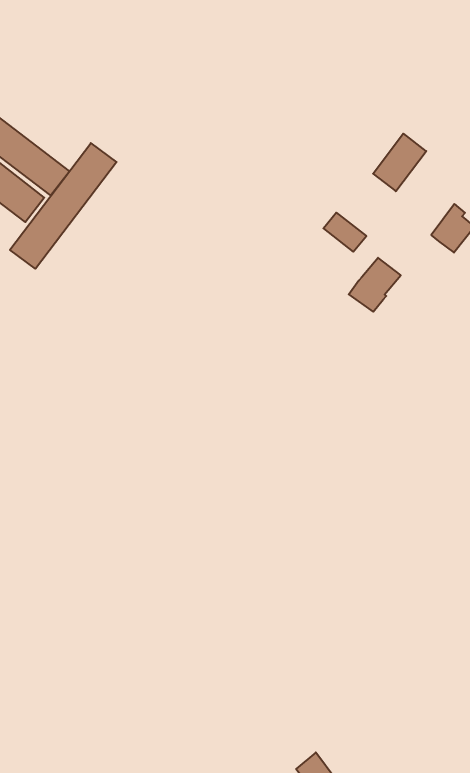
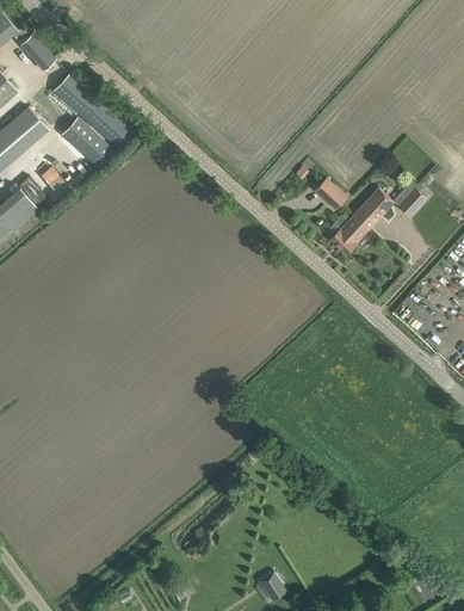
building: [373,134,426,191] -> [352,189,392,230]
building: [10,143,117,269] -> none

